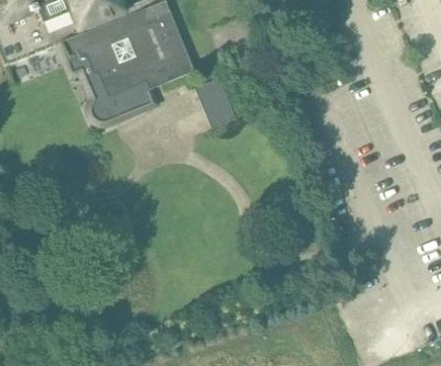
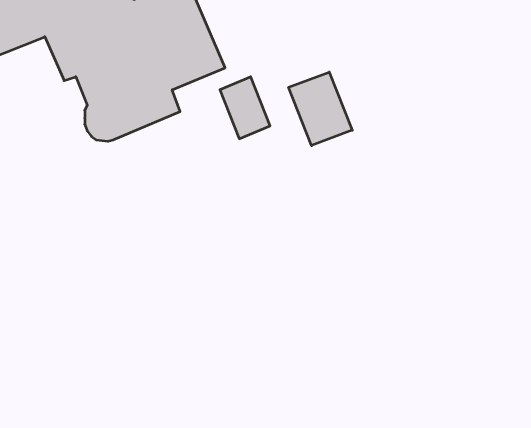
building: none -> [289,72,352,146]

